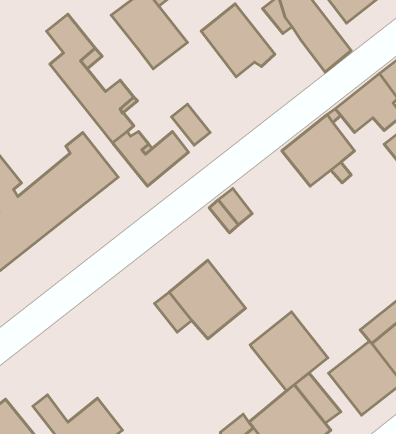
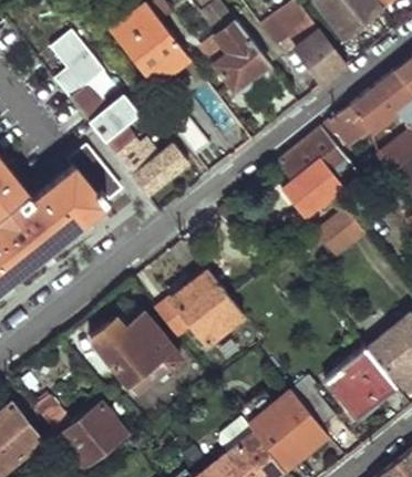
building: none -> [319,210,363,253]
building: none -> [89,302,182,396]
building: [250,312,328,391] -> none

